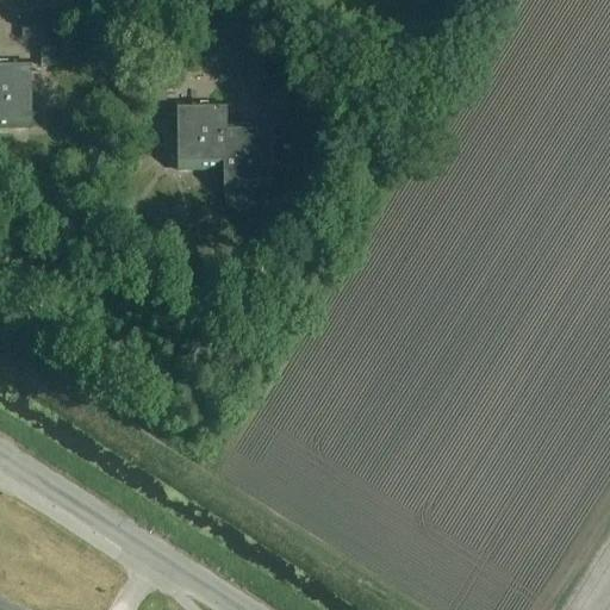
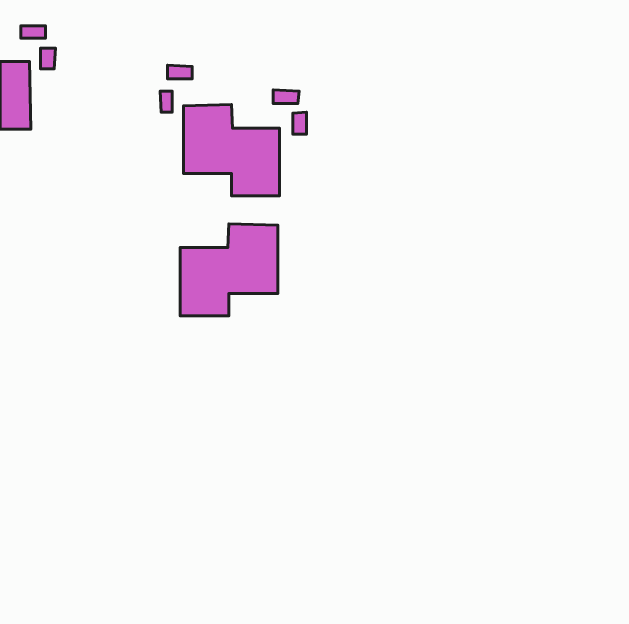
building: none -> [180,224,278,316]

